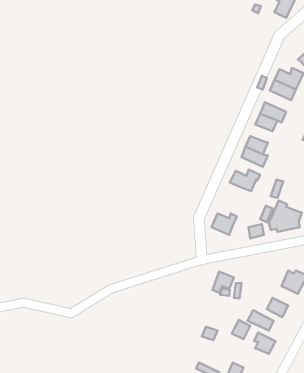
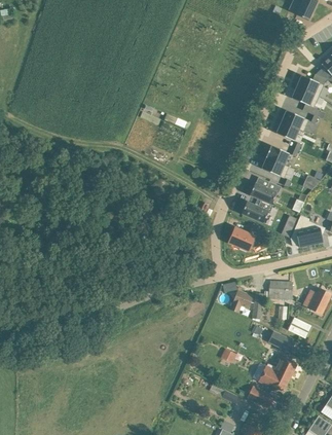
building: none -> [242,200,272,222]
building: none -> [264,281,292,298]
building: none -> [258,365,290,390]

